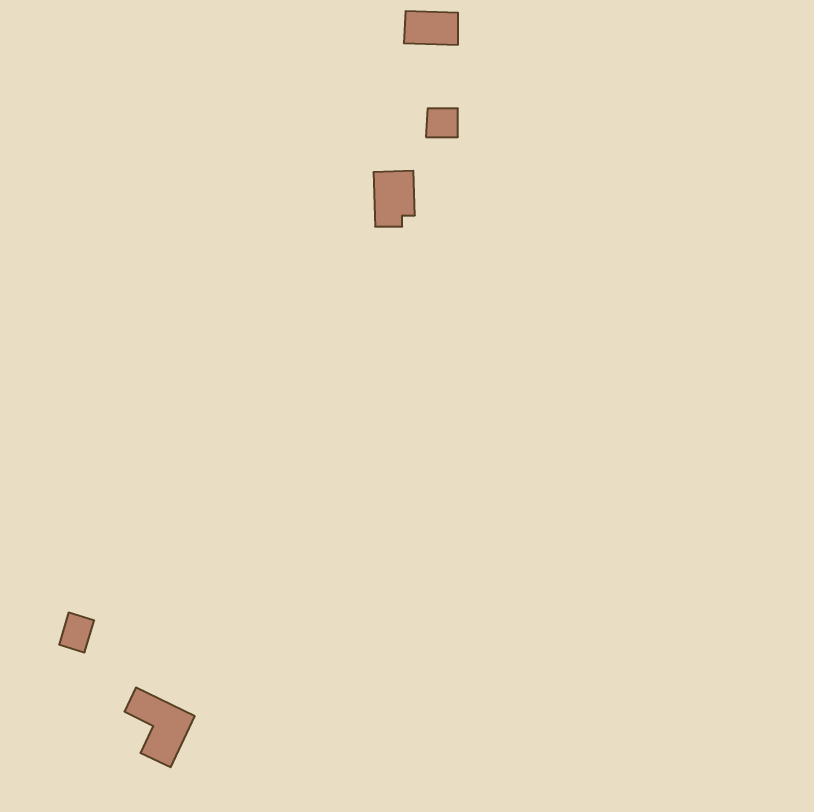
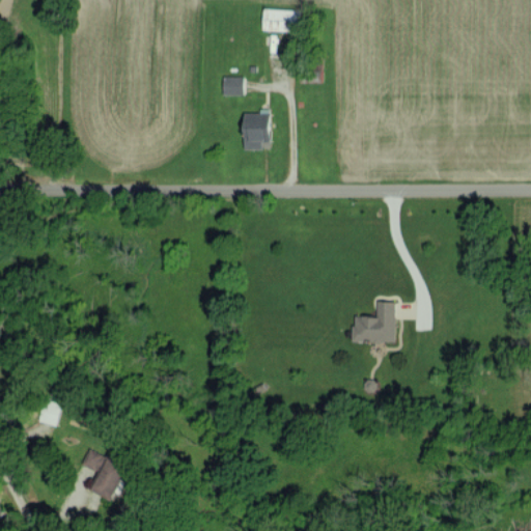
building: [426,108,458,137] -> [222,77,243,95]
building: none -> [352,302,394,342]

